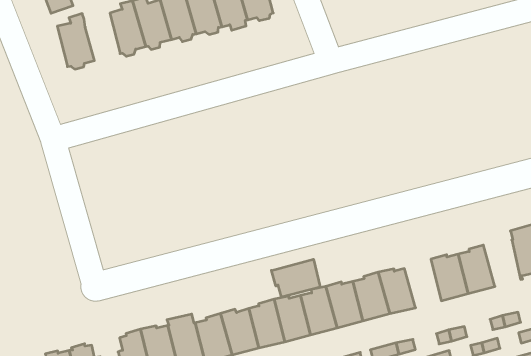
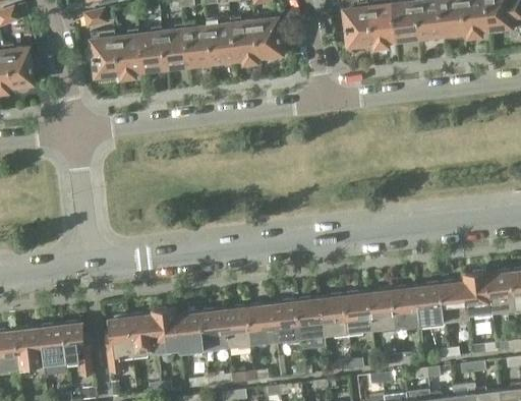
building: none -> [116,28,143,78]
building: none -> [440,281,468,321]
building: none -> [367,289,396,330]
building: [271,259,320,297] -> none

